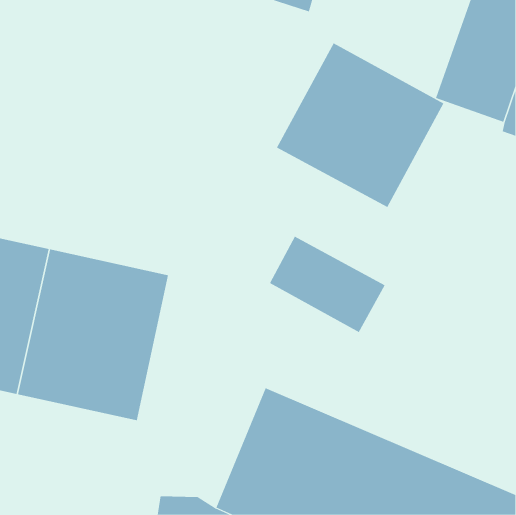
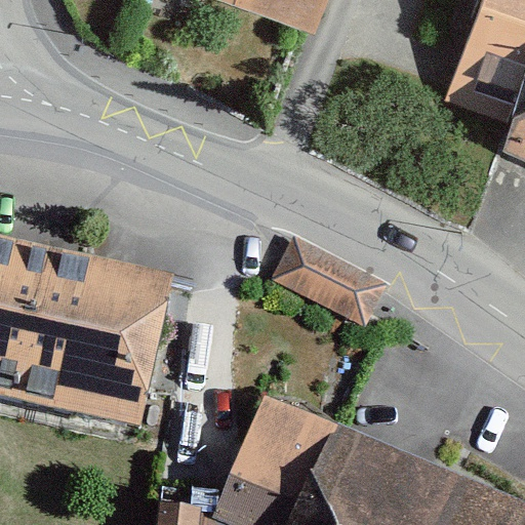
building: [276,42,444,208] -> none

